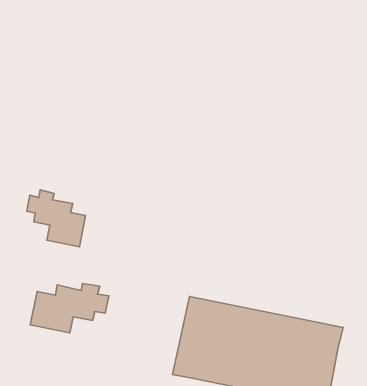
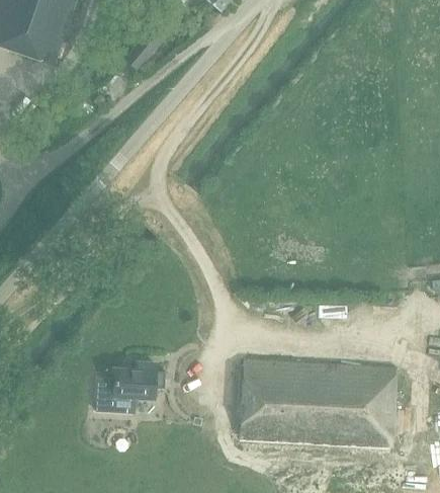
building: [27,190,86,247] -> none

